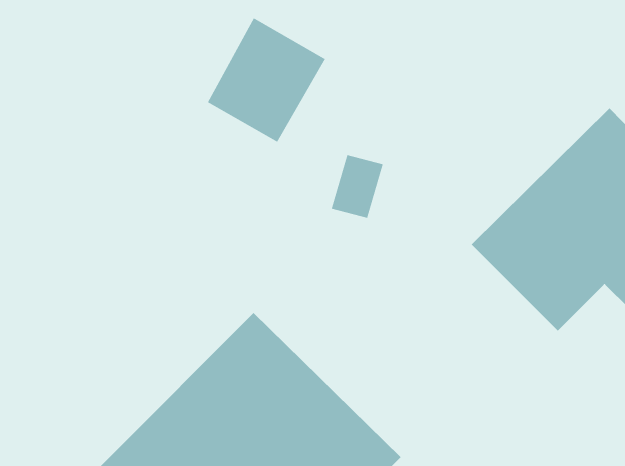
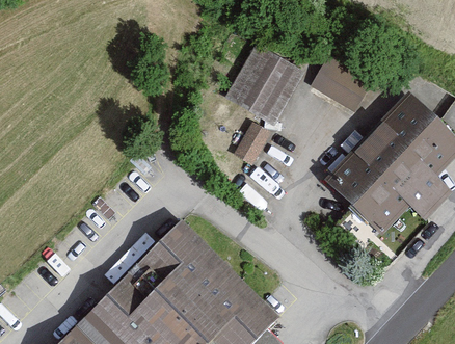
building: [207,17,326,143] -> [226,45,303,126]
building: none -> [307,55,370,114]

